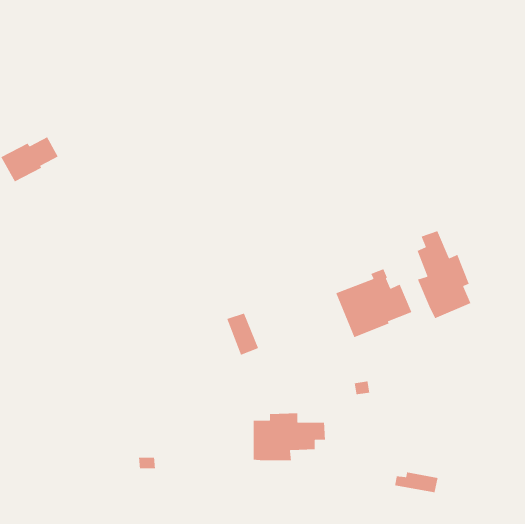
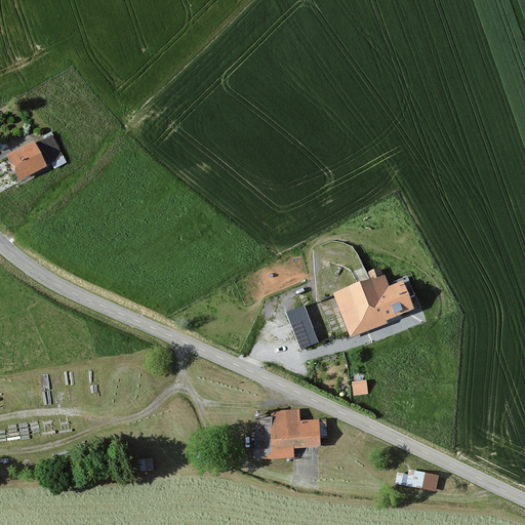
building: [417,230,471,319] -> none
building: [226,312,259,356] -> [288,305,321,348]

